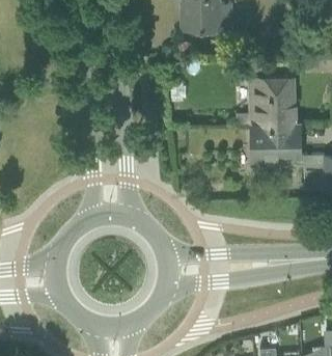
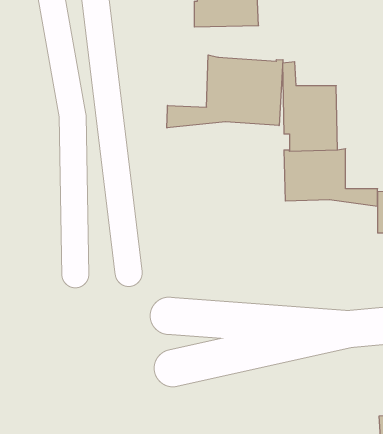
building: none -> [167,55,283,128]

